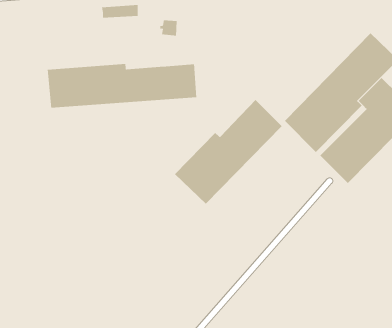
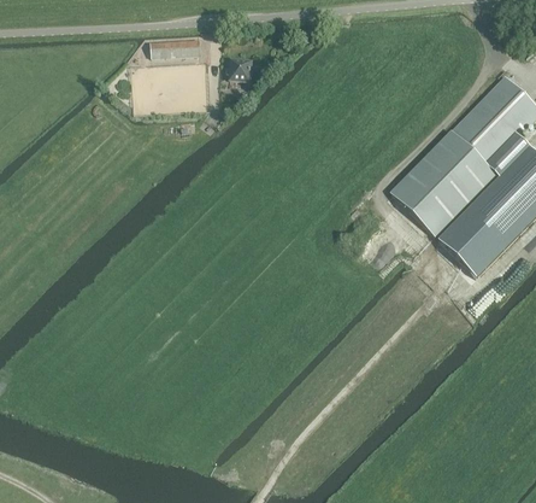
building: [47,63,197,108] -> none
building: [174,99,283,205] -> none

